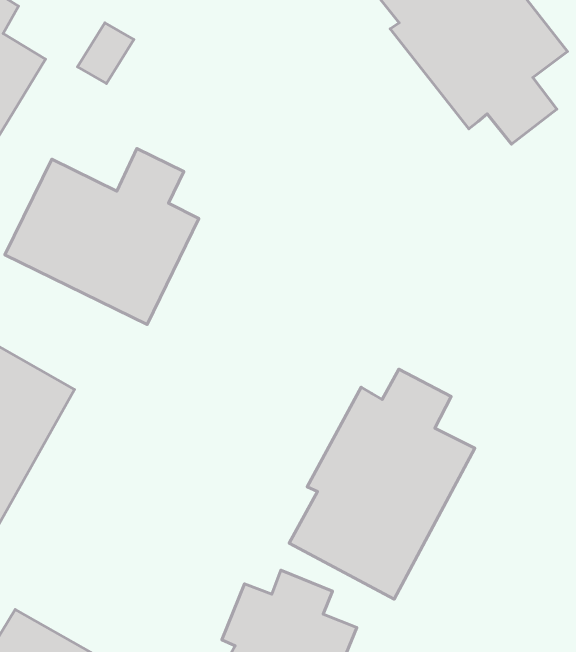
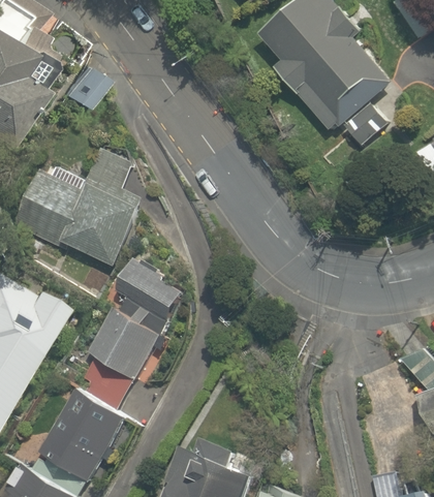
building: none -> [92,262,187,381]
building: [289,369,475,599] -> none
building: none -> [41,390,126,482]

